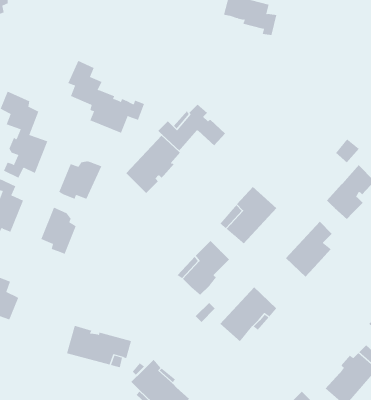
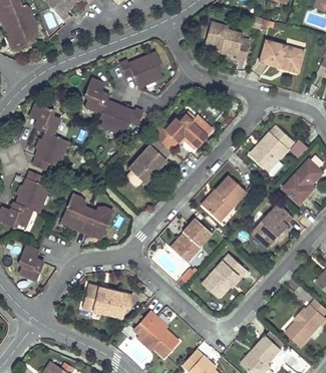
building: none -> [258,39,302,72]
building: none -> [119,51,162,87]
building: none -> [250,124,294,170]
building: [59,161,102,200] -> [80,206,114,236]

